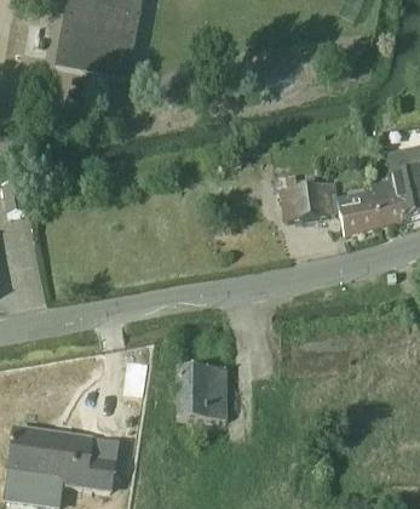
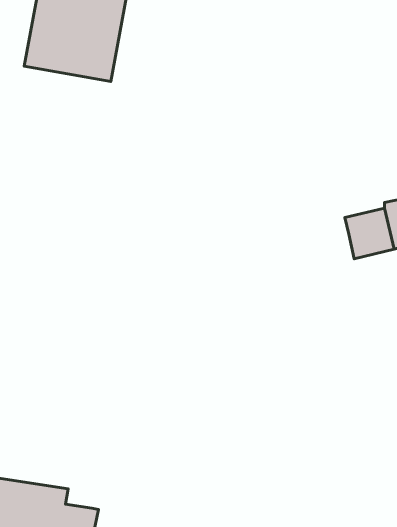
building: [281,173,340,218] -> none
building: [178,365,226,416] -> none

